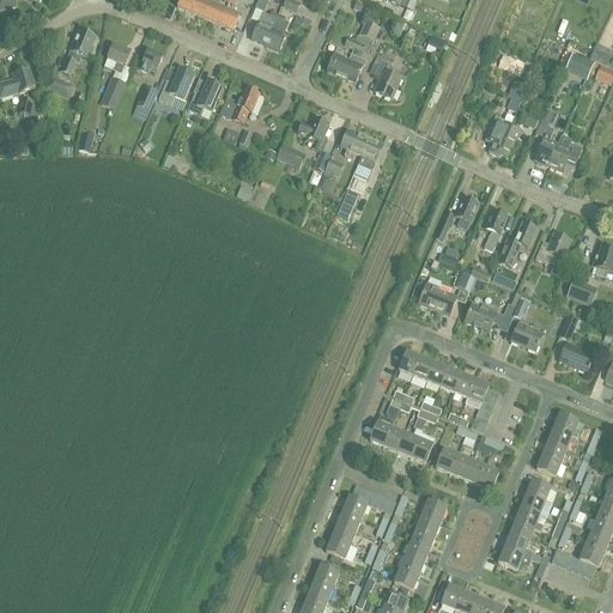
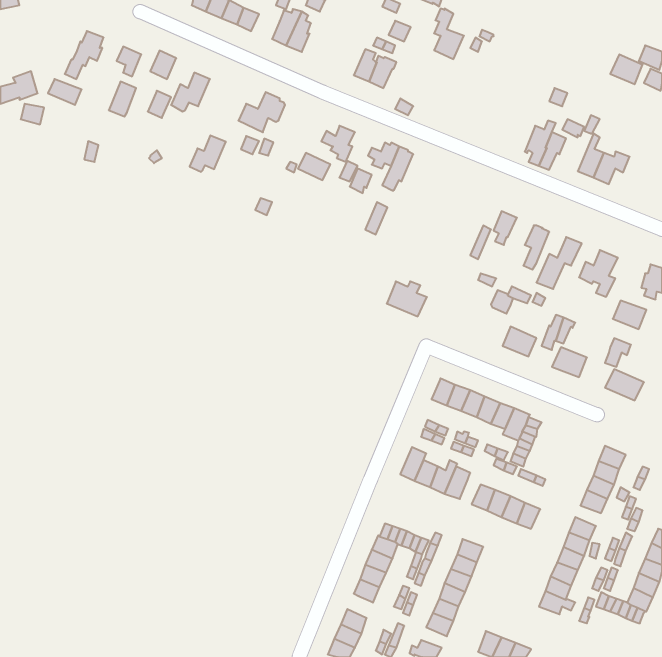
building: [374,50,401,97] -> [434,9,464,59]
building: [188,79,221,113] -> [190,135,226,172]
building: [419,281,456,314] -> [387,281,427,316]

